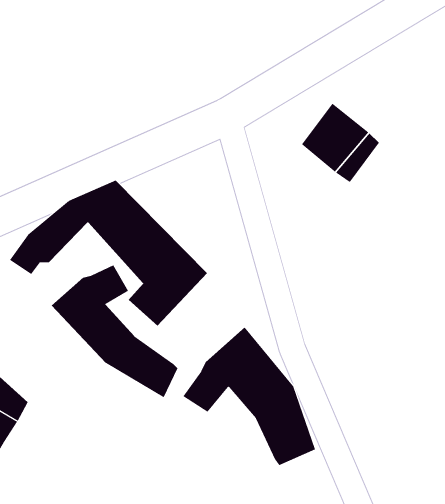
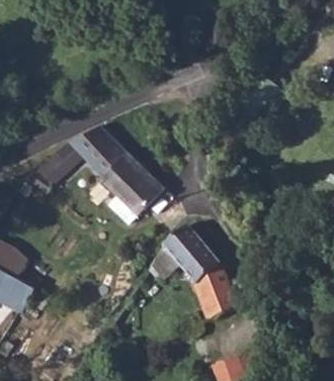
building: [51,265,178,398] -> none

